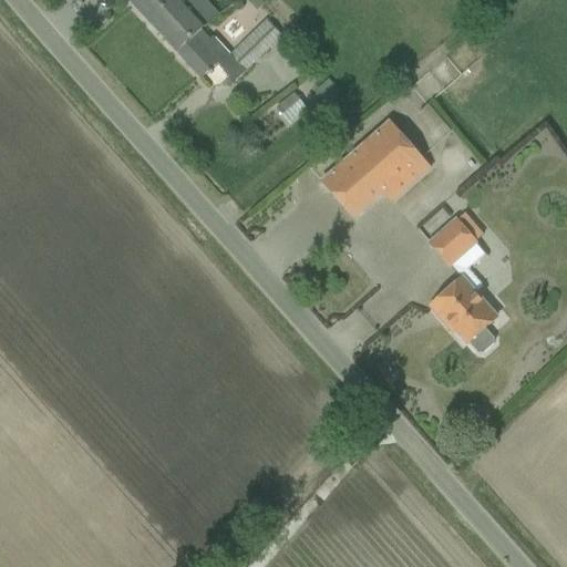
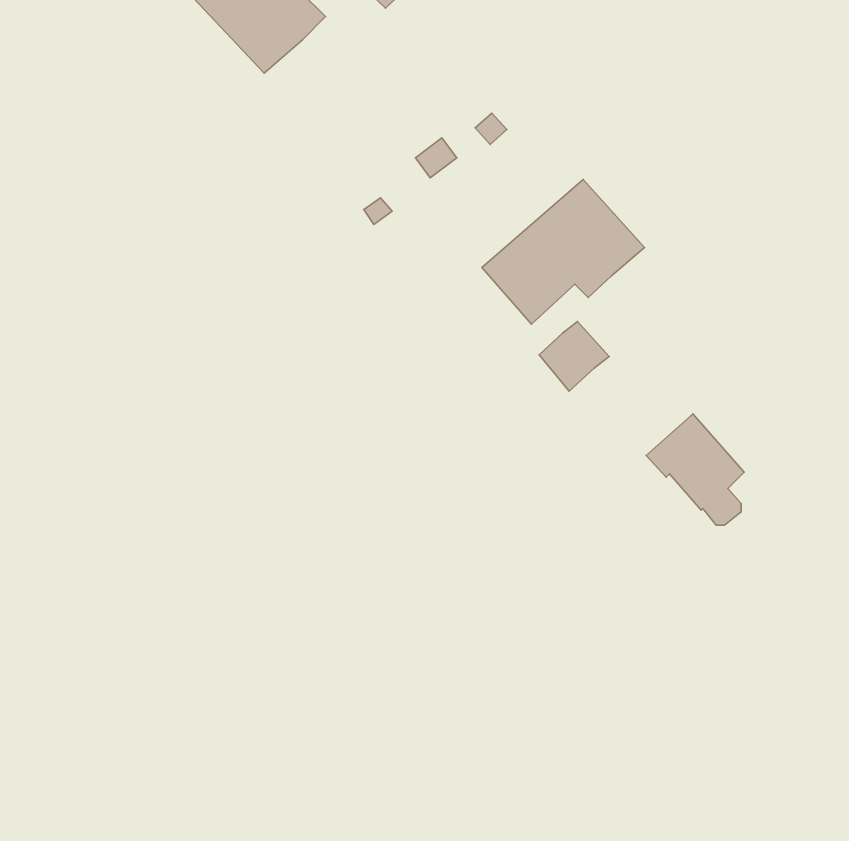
building: [176,18,282,79] -> none
building: [430,217,476,264] -> [539,322,609,391]

